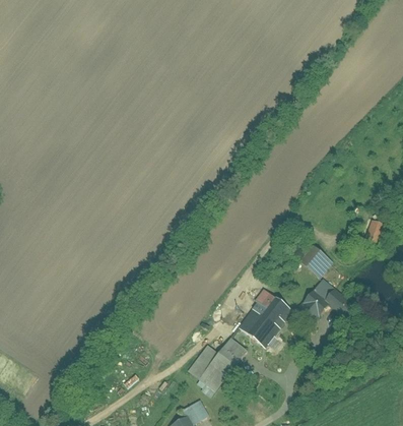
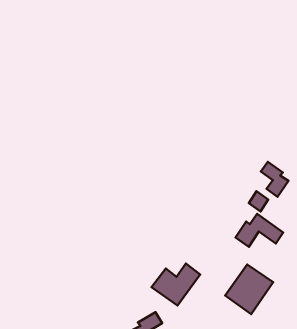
building: none -> [261,162,289,197]
building: [234,289,292,349] -> [225,264,273,314]

